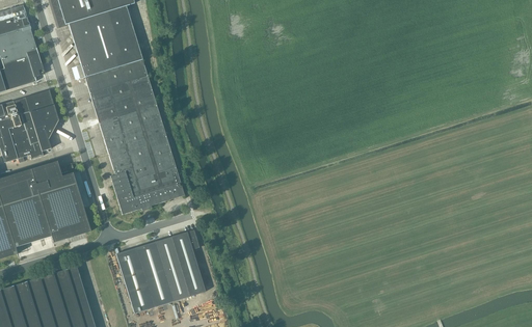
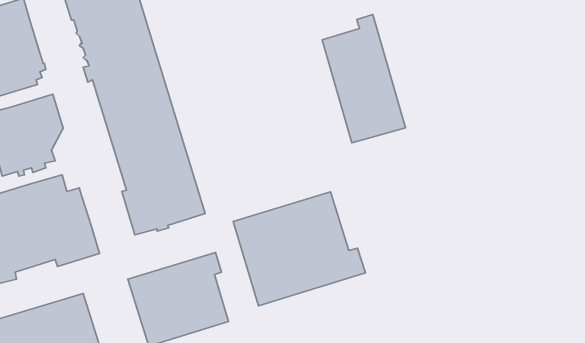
building: none -> [322,15,406,143]
building: none -> [233,192,366,306]

